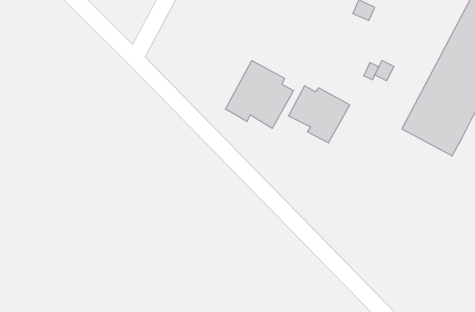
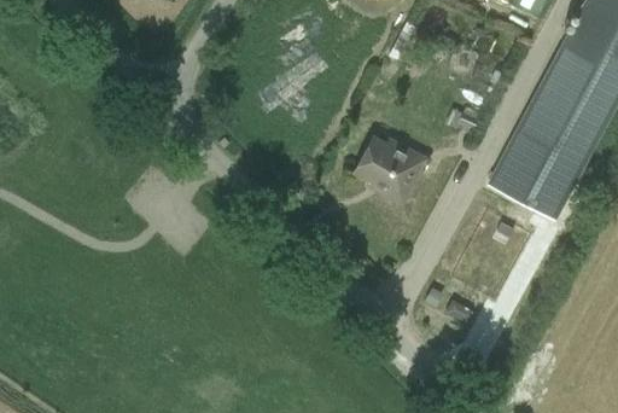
building: [225,61,293,128] -> none

